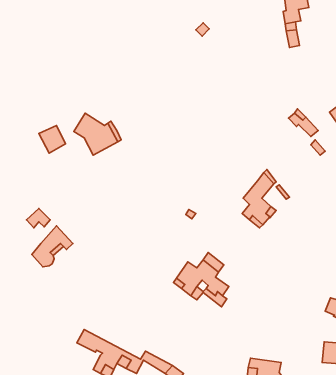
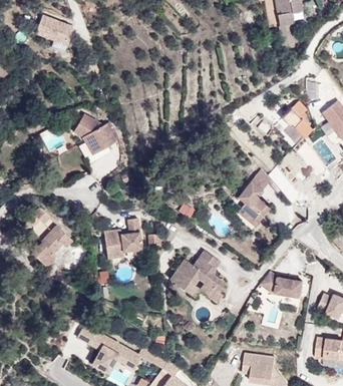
building: none -> [35,14,73,44]
building: none -> [104,219,142,258]
building: none -> [261,272,303,297]

